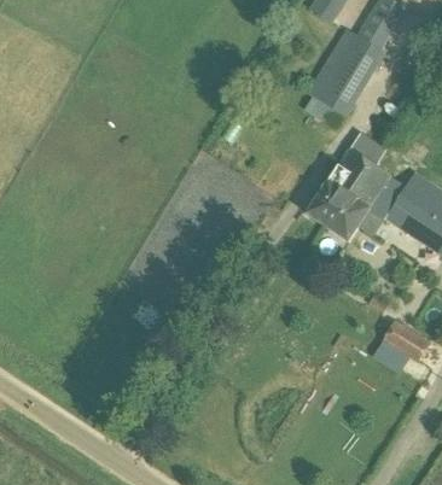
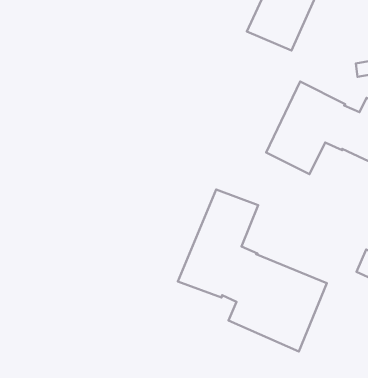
building: none -> [178,189,327,352]

